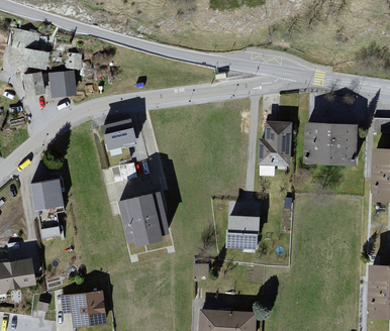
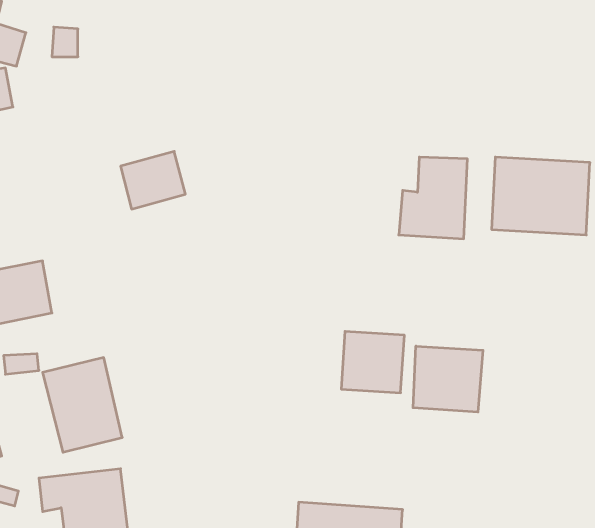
building: [46,68,77,95] -> none
building: [120,191,164,242] -> [43,358,122,452]
building: none -> [413,346,483,412]

